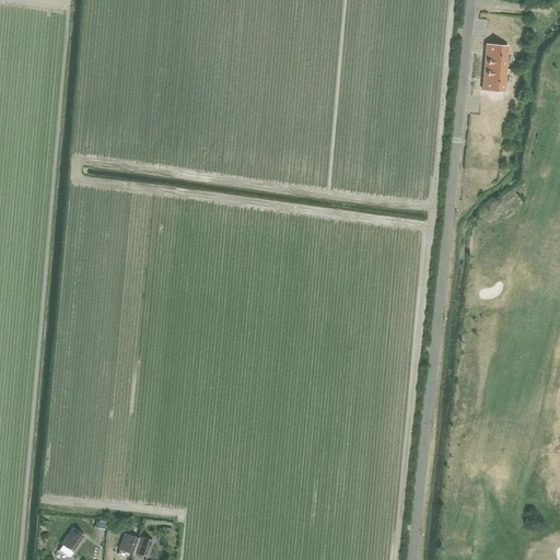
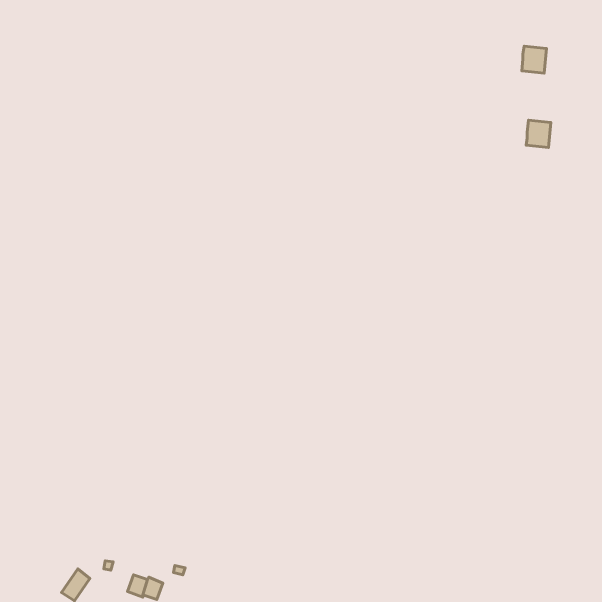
building: [482,66,505,91] -> [526,120,551,147]

